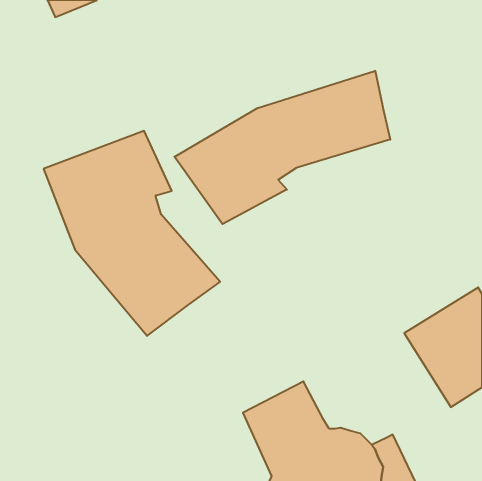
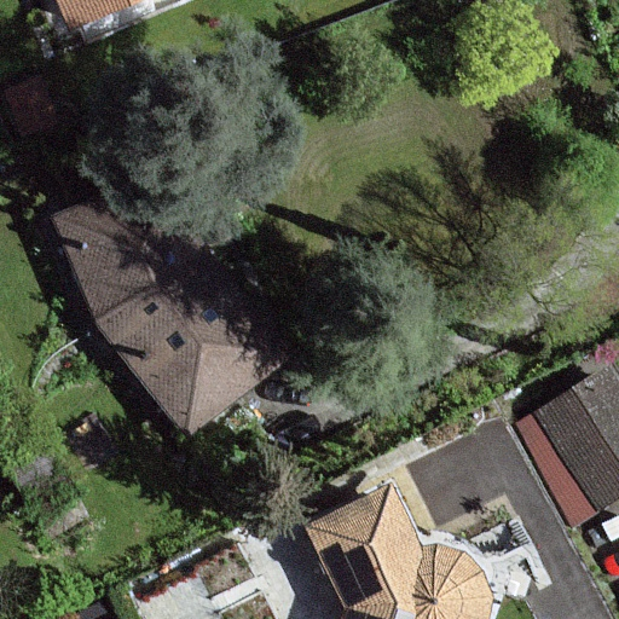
building: [174,71,390,224] -> none

